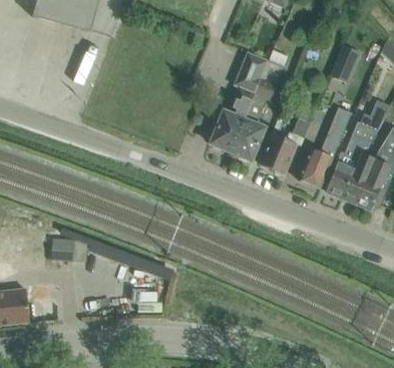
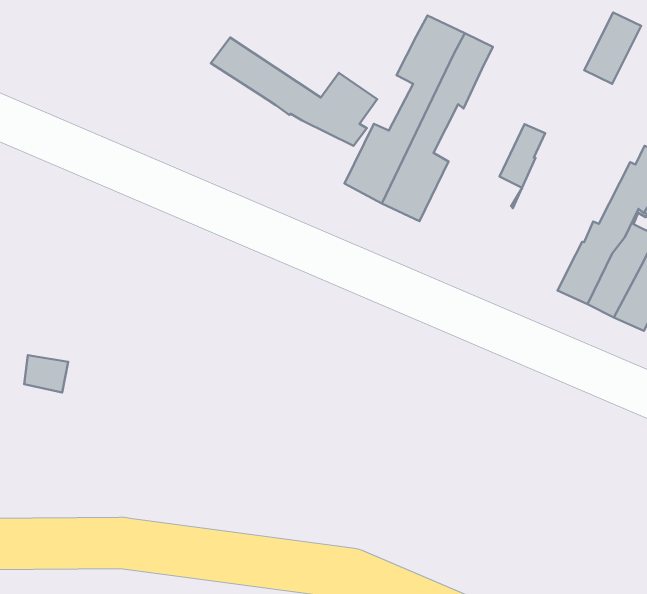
building: none -> [211,38,377,146]
building: [298,106,351,188] -> none
building: [260,133,296,173] -> none

